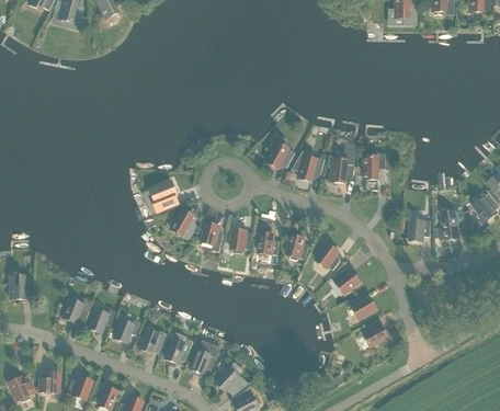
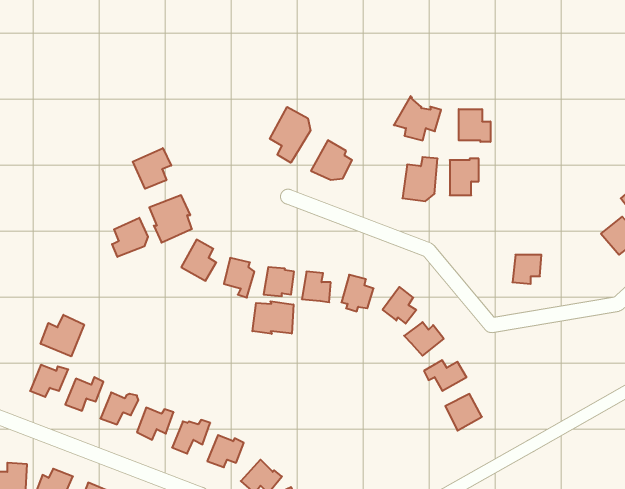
building: none -> [270,107,310,163]
building: none -> [459,109,490,142]
building: none -> [133,148,171,189]
building: [291,149,325,181] -> [394,96,441,140]
building: none -> [112,218,148,257]
building: [439,210,465,239] -> none
building: none -> [252,301,293,334]
building: none -> [41,315,84,356]

